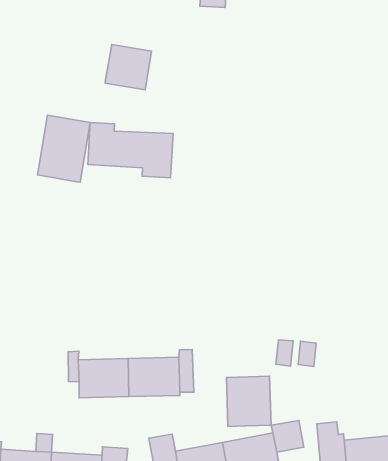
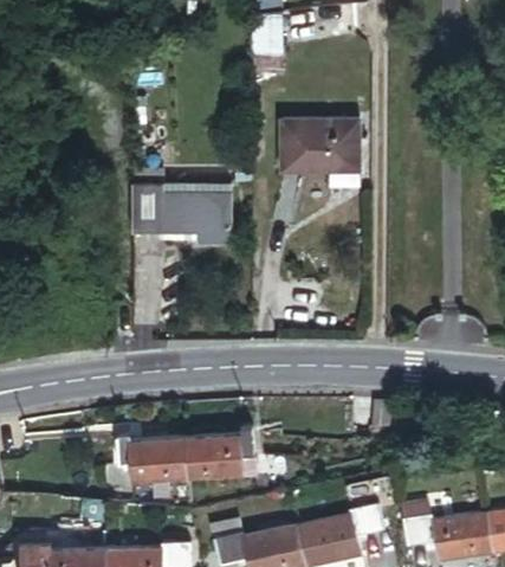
building: [105,45,152,90] -> none
building: none -> [280,117,360,187]
building: [38,115,90,182] -> none
building: [226,376,271,427] -> none

